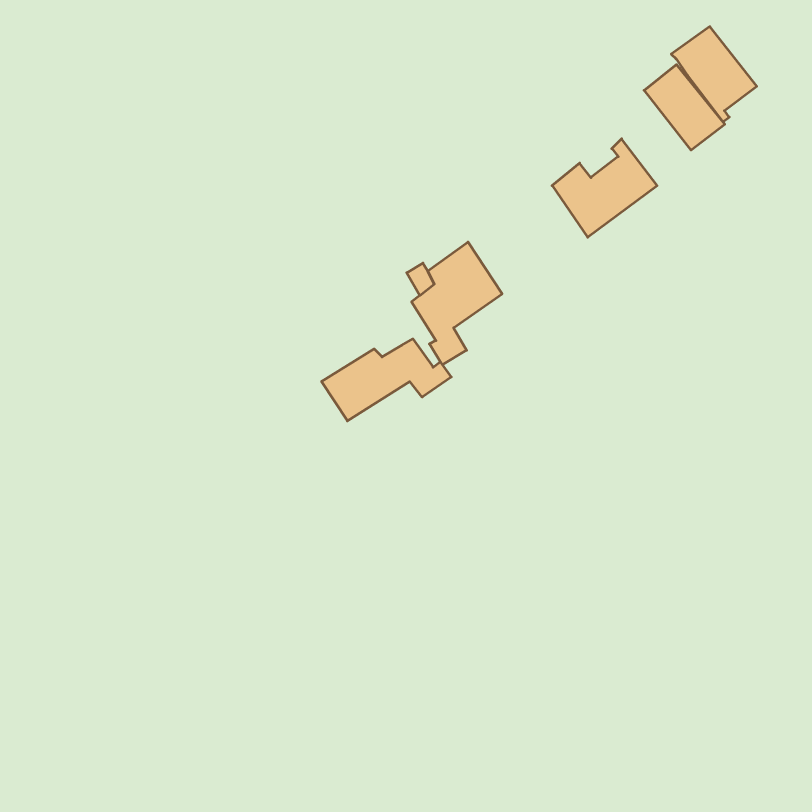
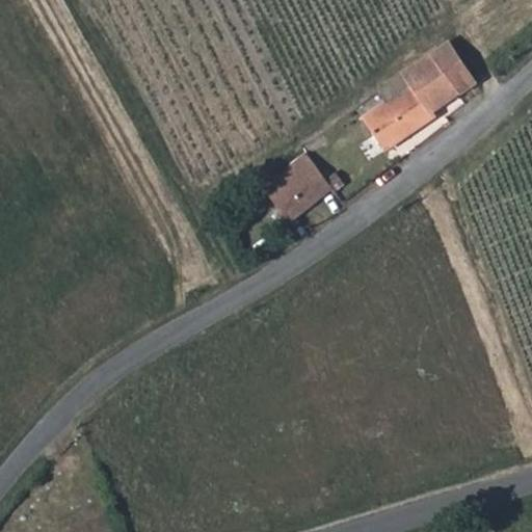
building: [671,27,757,122] -> [398,58,453,119]
building: [322,339,451,421] -> none

